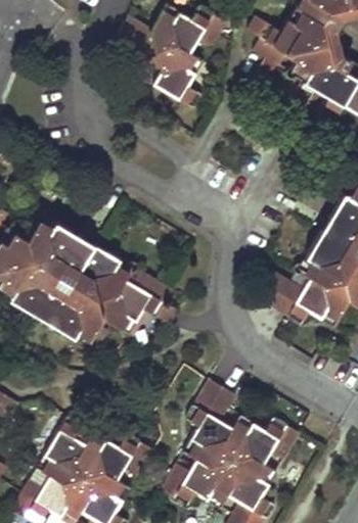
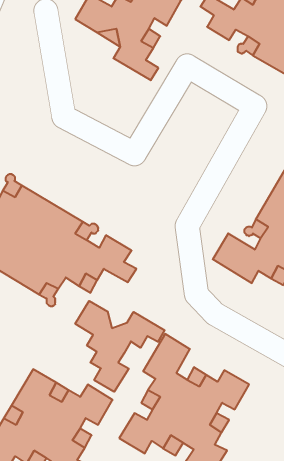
building: none -> [75,301,165,392]

